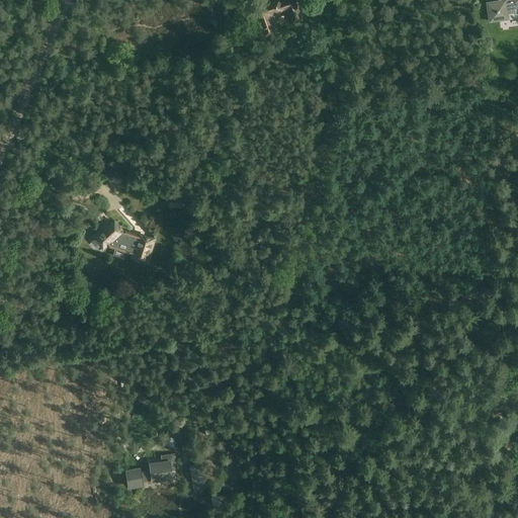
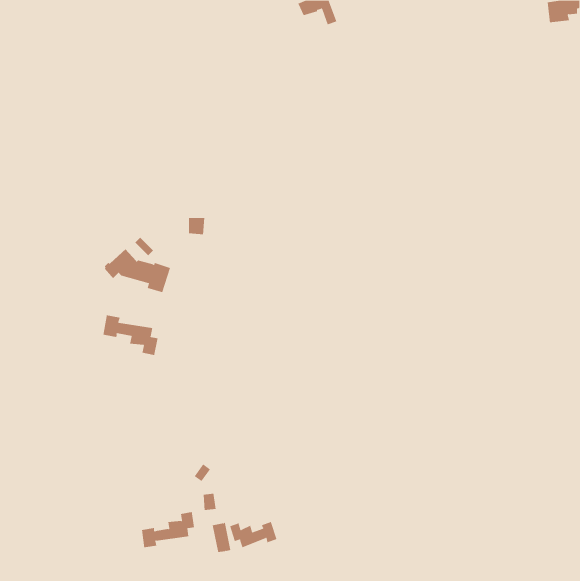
building: none -> [103,315,158,356]
building: none -> [230,521,277,548]

